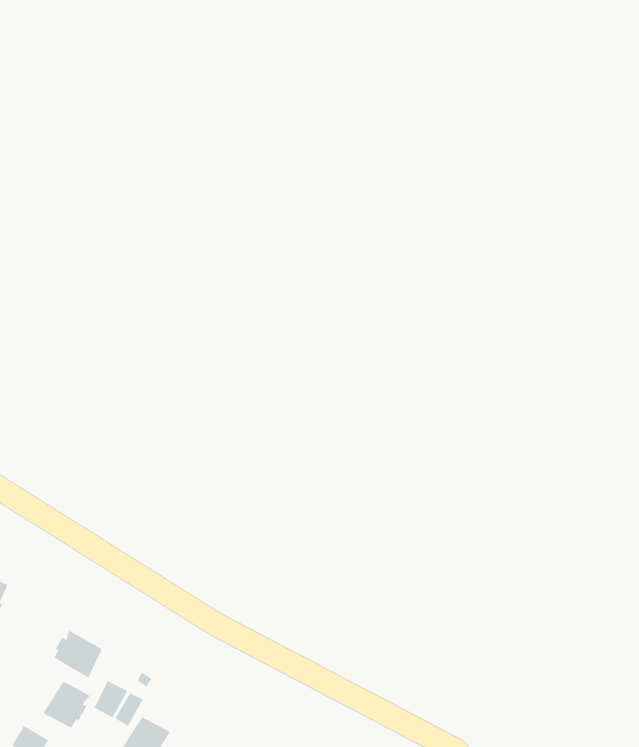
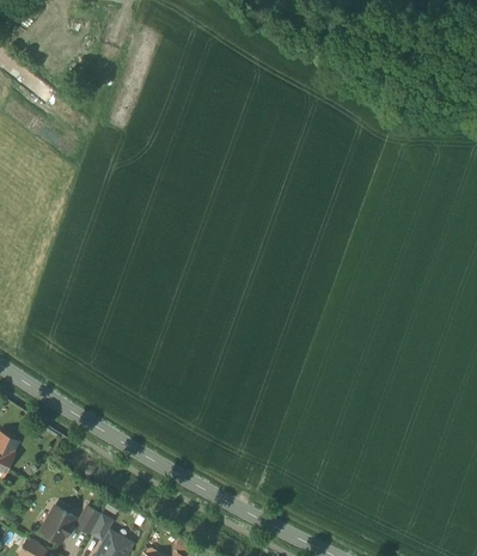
building: [54,630,103,679] -> none

